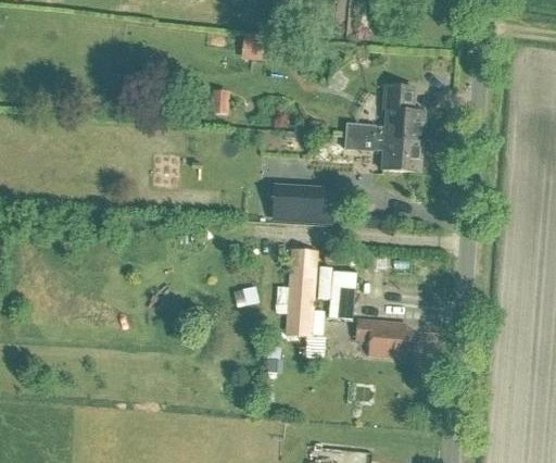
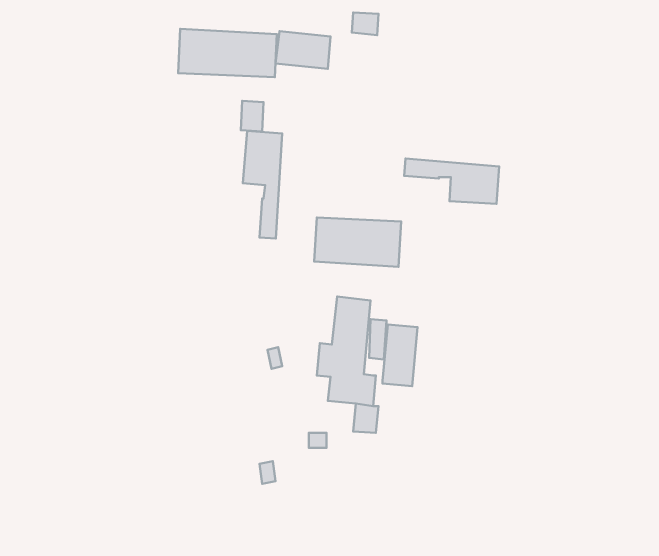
building: none -> [178,29,277,77]
building: [345,86,424,141] -> none
building: none -> [243,131,282,239]
building: [354,321,410,358] -> none

